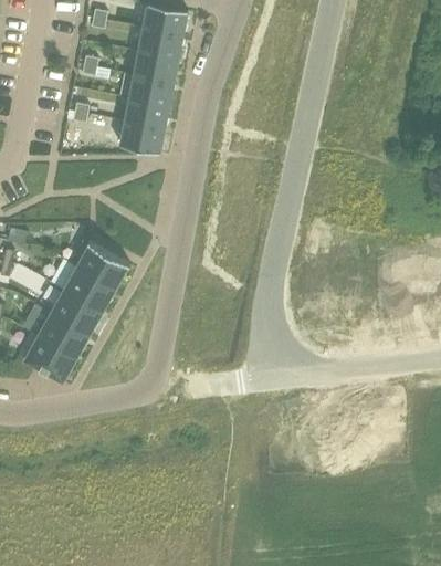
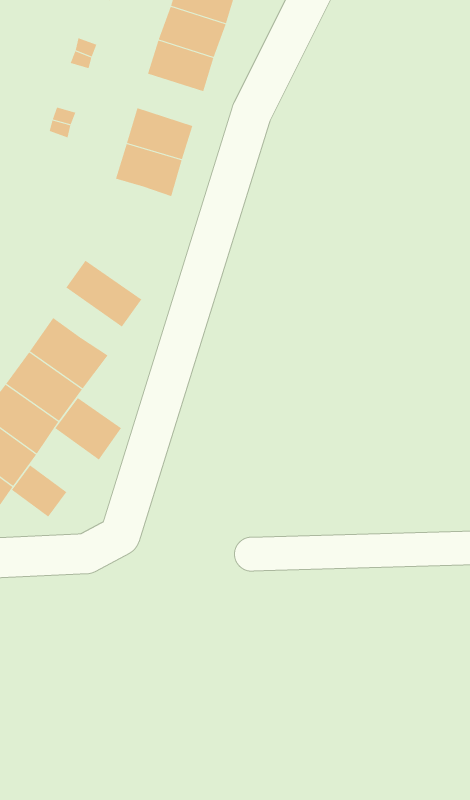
building: [128,74,171,105] -> none
building: none -> [65,260,142,327]
building: none -> [55,397,122,461]
building: none -> [11,465,67,517]

